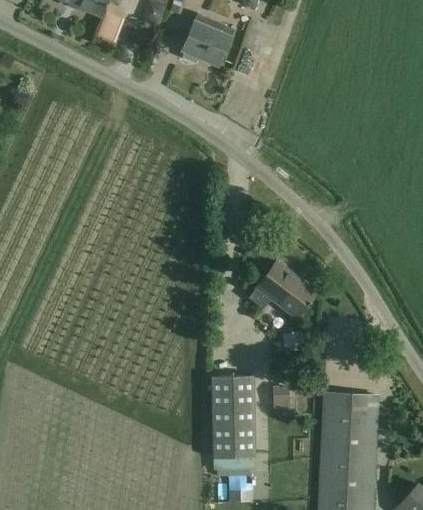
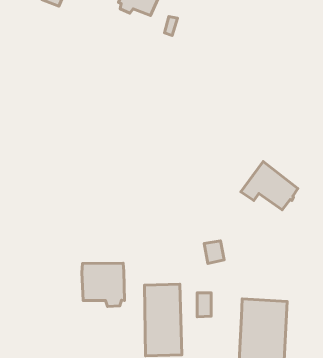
building: [250,261,316,317] -> [241,162,298,210]
building: none -> [82,263,125,306]

